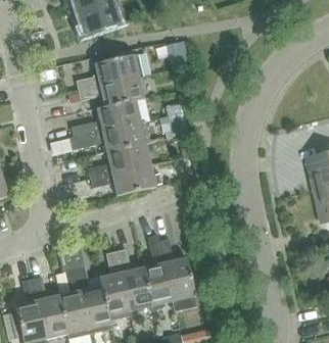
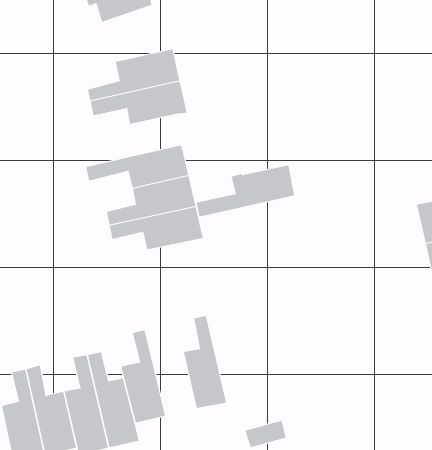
building: [72,99,141,136] -> [196,165,295,217]
building: [158,238,197,309] -> none
building: [115,247,151,310] -> none

